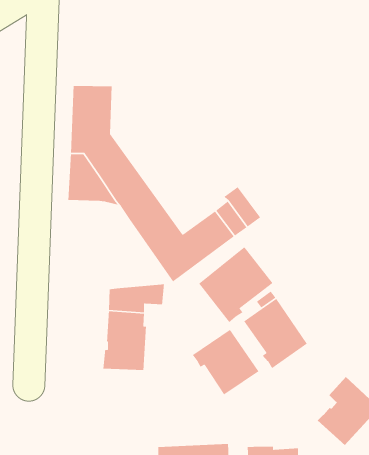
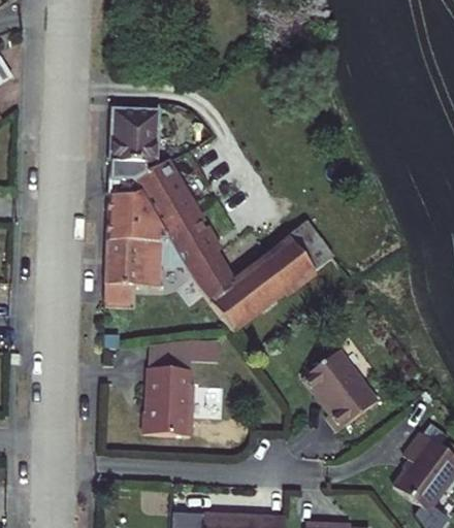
building: none -> [101,235,173,295]
building: [198,246,273,323] -> none
building: [192,329,260,396] -> none

